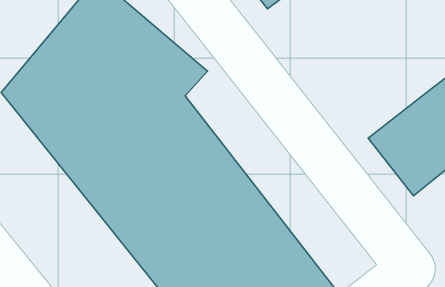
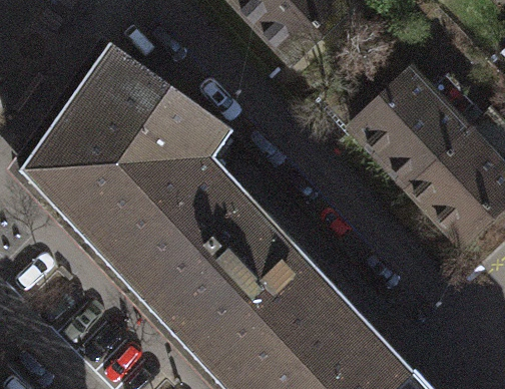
building: none -> [355,72,468,185]

